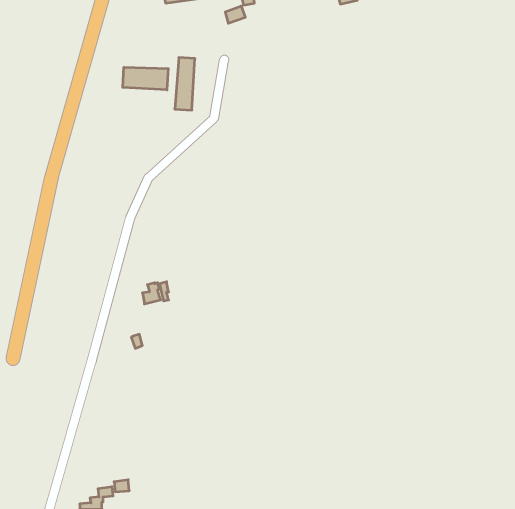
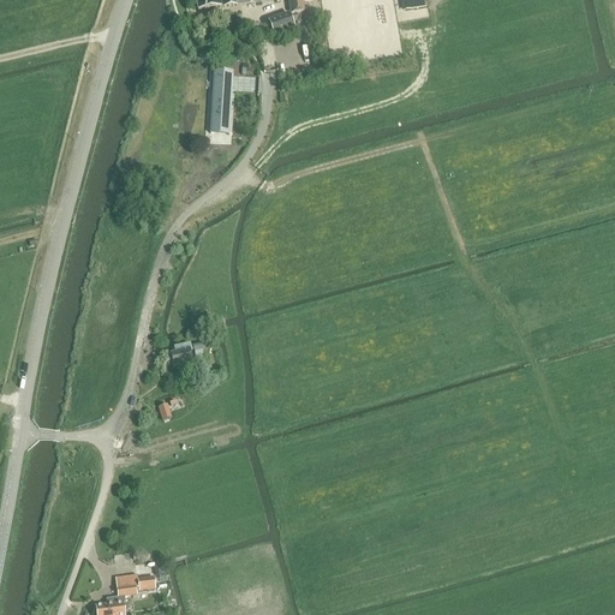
building: [123,67,168,90] -> none

